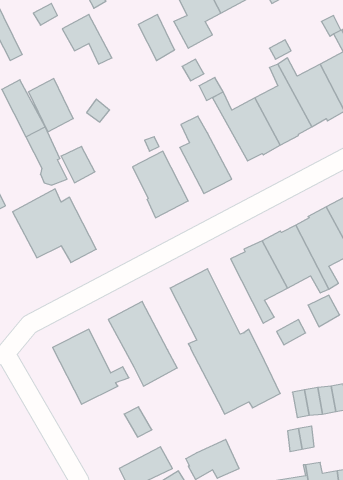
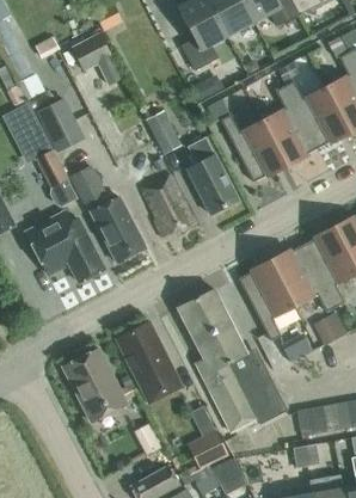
building: [138,15,175,61] -> [146,110,182,155]
building: none -> [91,197,147,263]
building: none -> [189,430,228,468]

